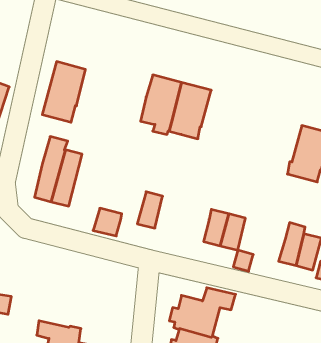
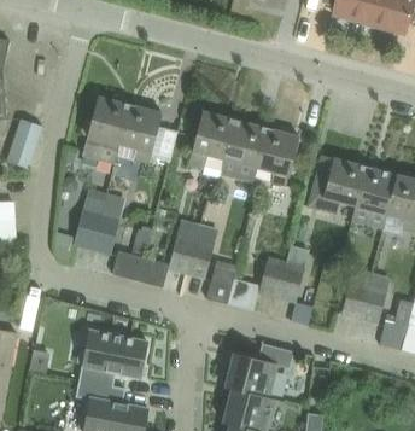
building: none -> [119,105,179,163]
building: none -> [256,128,299,187]
building: none -> [308,156,366,212]
building: none -> [112,226,151,281]
building: none -> [168,234,195,274]
building: none -> [206,266,235,304]
building: none -> [78,331,147,388]

